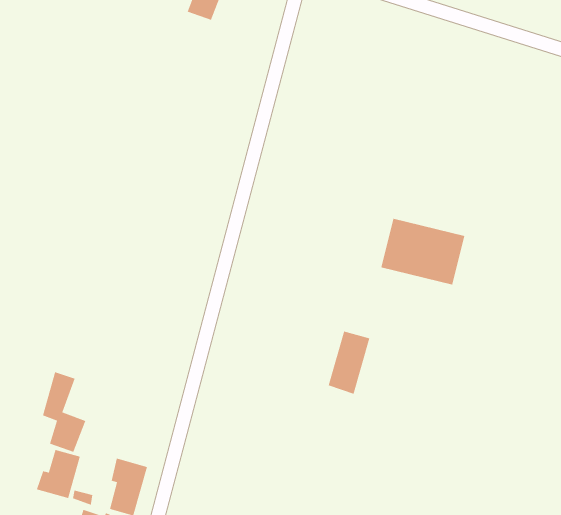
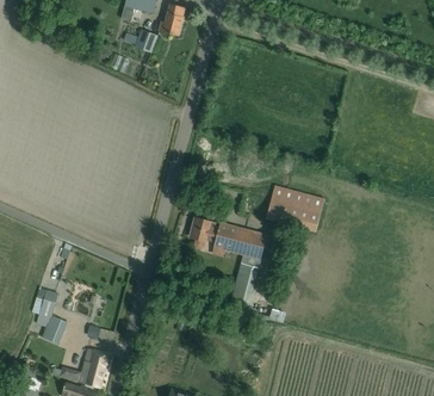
building: none -> [191,218,266,259]
building: [36,449,80,499] -> none

